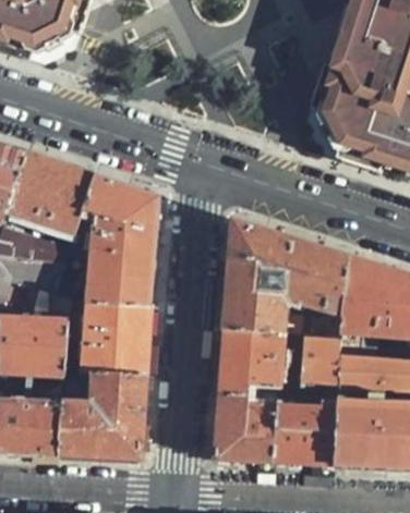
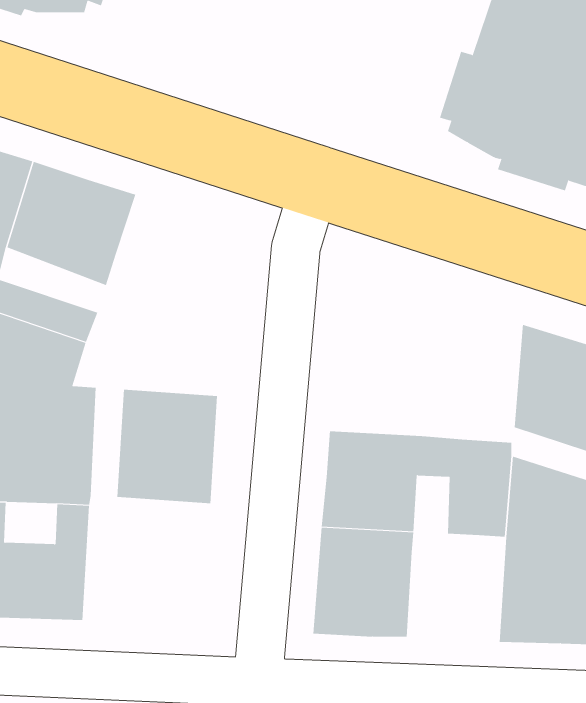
building: [85,173,160,305] -> none
building: [225,220,351,335] -> none
building: [63,370,147,455] -> none
building: [276,396,340,466] -> none

